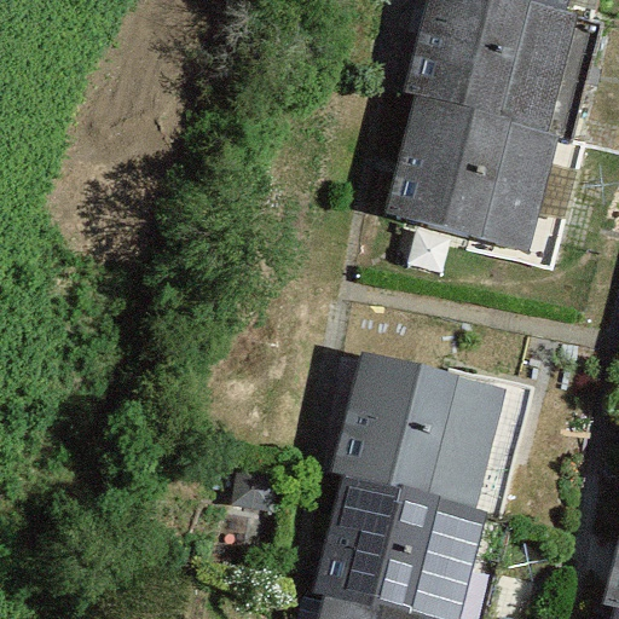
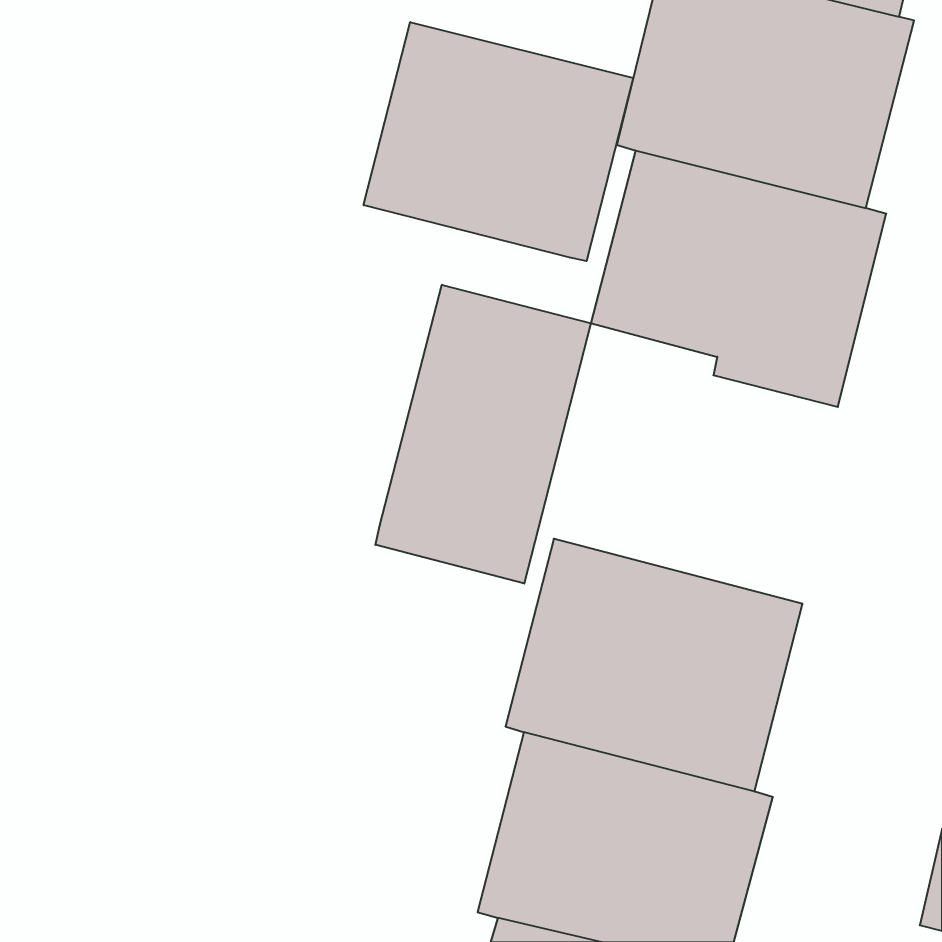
building: none -> [364,22,633,261]
building: none -> [375,285,591,584]

